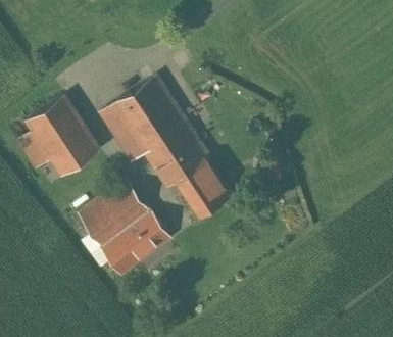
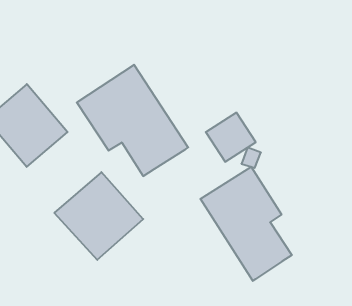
building: [181,164,231,213] -> [206,113,256,162]
building: none -> [200,167,292,281]

